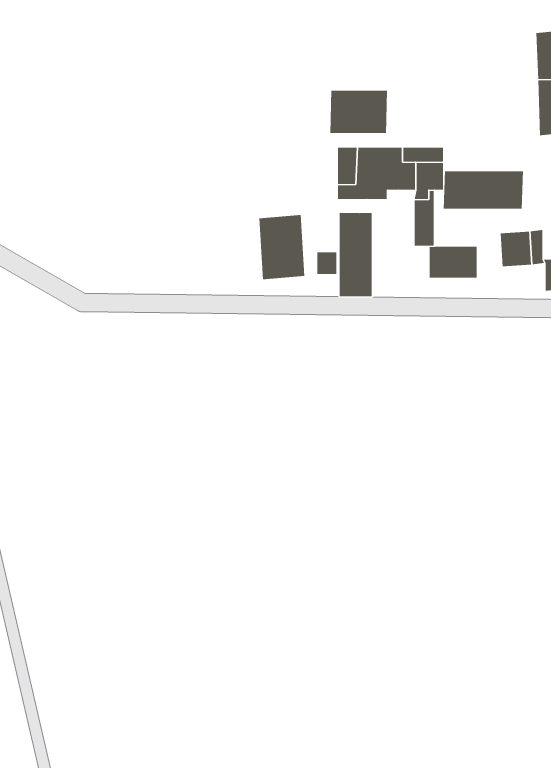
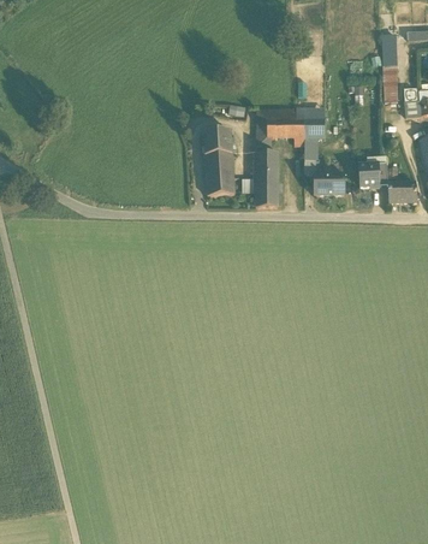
building: [330,90,387,134] -> none
building: [443,170,524,209] -> none
building: none -> [203,131,234,155]

